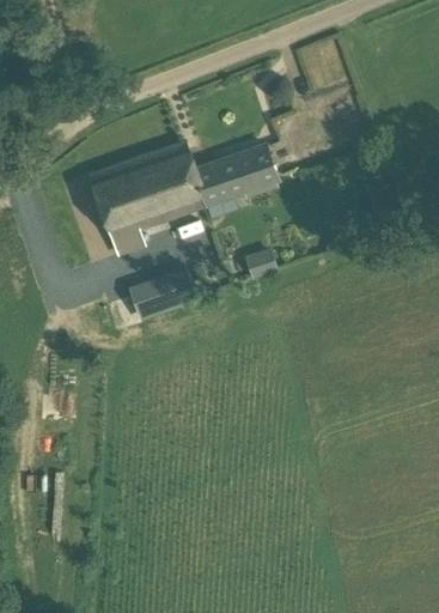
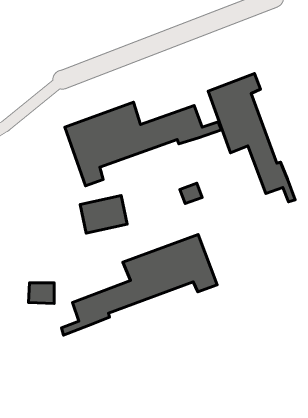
building: none -> [208,73,295,202]
building: none -> [62,235,217,335]

